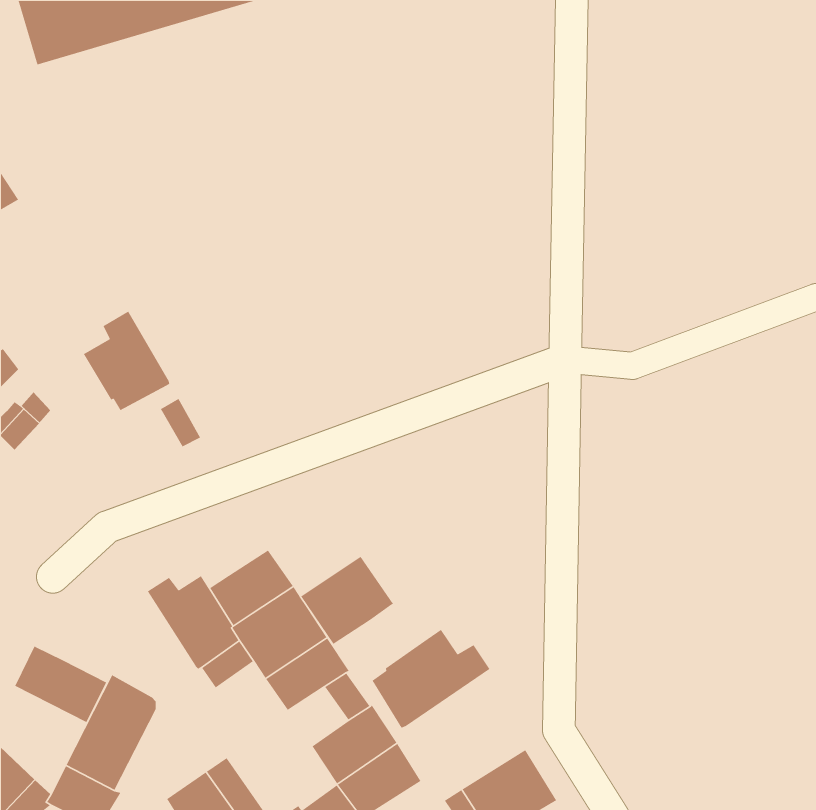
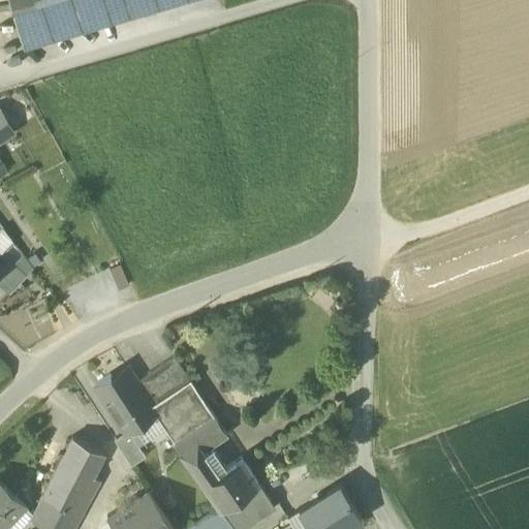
building: [83,311,170,411] -> none
building: [300,556,394,645] -> none
building: [372,629,491,728] -> none
building: [14,645,107,723] -> none
building: none -> [114,435,146,469]
building: none -> [186,448,225,487]

